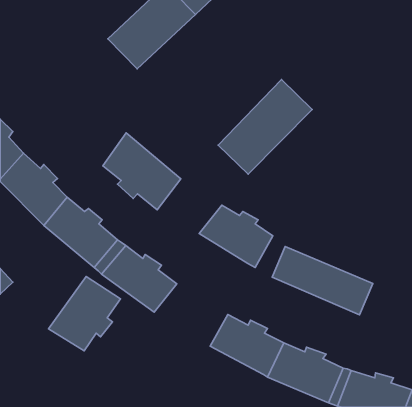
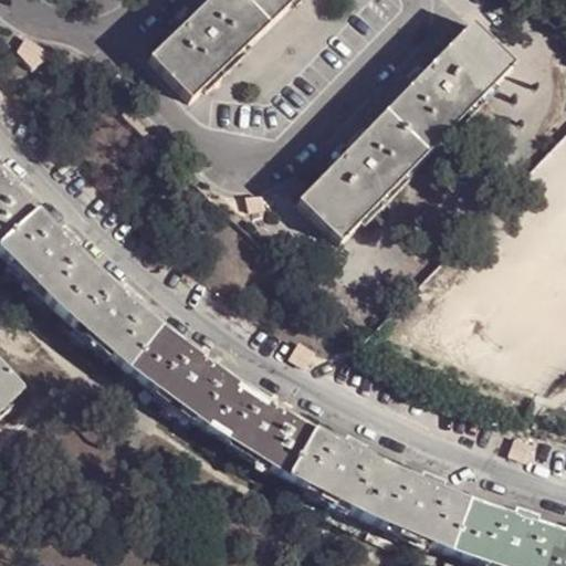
building: none -> [387,20,516,149]
building: [103,133,181,210] -> none
building: [199,205,273,268] -> [213,387,314,472]
building: [272,246,373,315] -> none
building: [48,276,121,351] -> none

